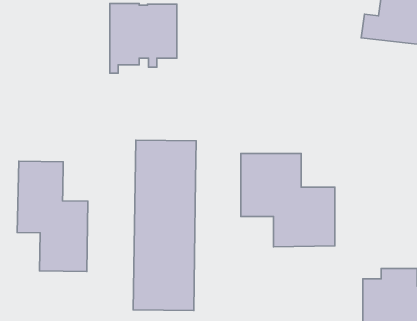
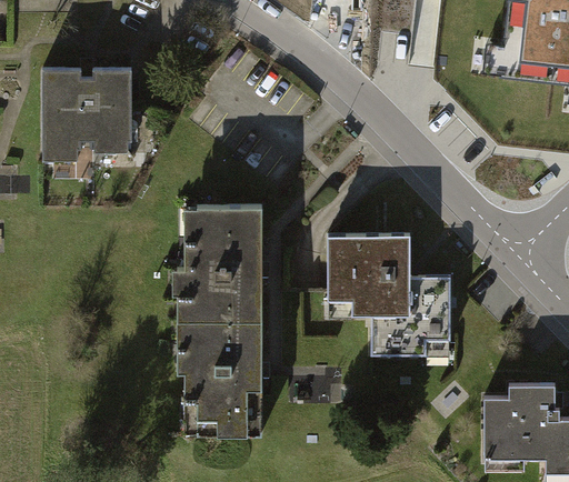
building: [110,3,177,73] -> [43,68,132,160]
building: [17,161,88,271] -> none

